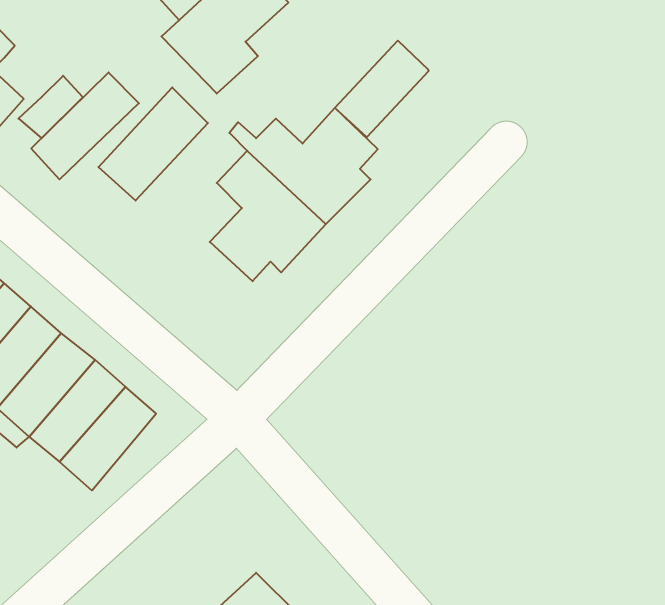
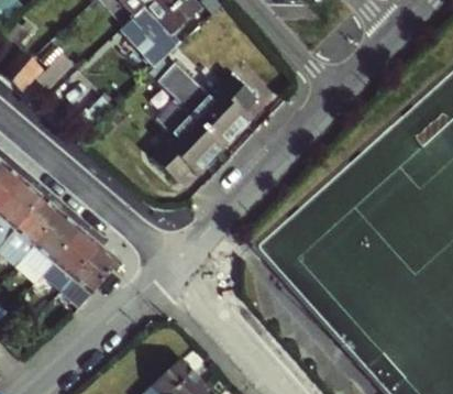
building: [335,41,428,137] -> none
building: [31,72,139,179] -> none
building: [98,87,208,201] -> none

